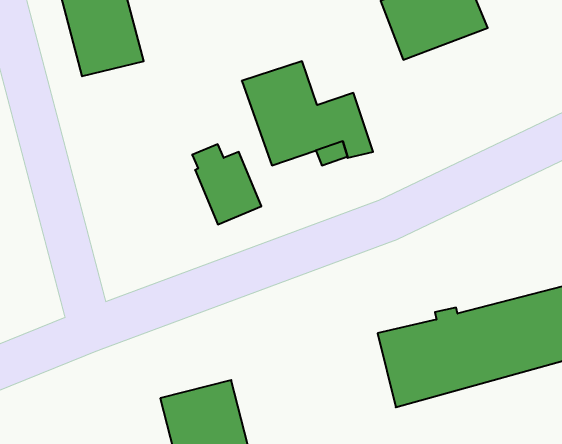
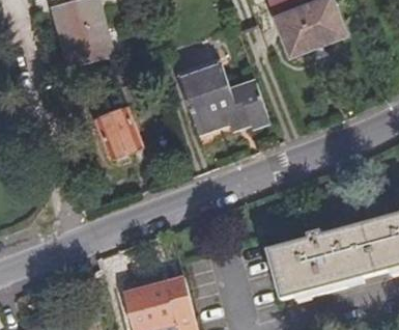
building: [192,144,261,224] -> [93,104,141,159]

